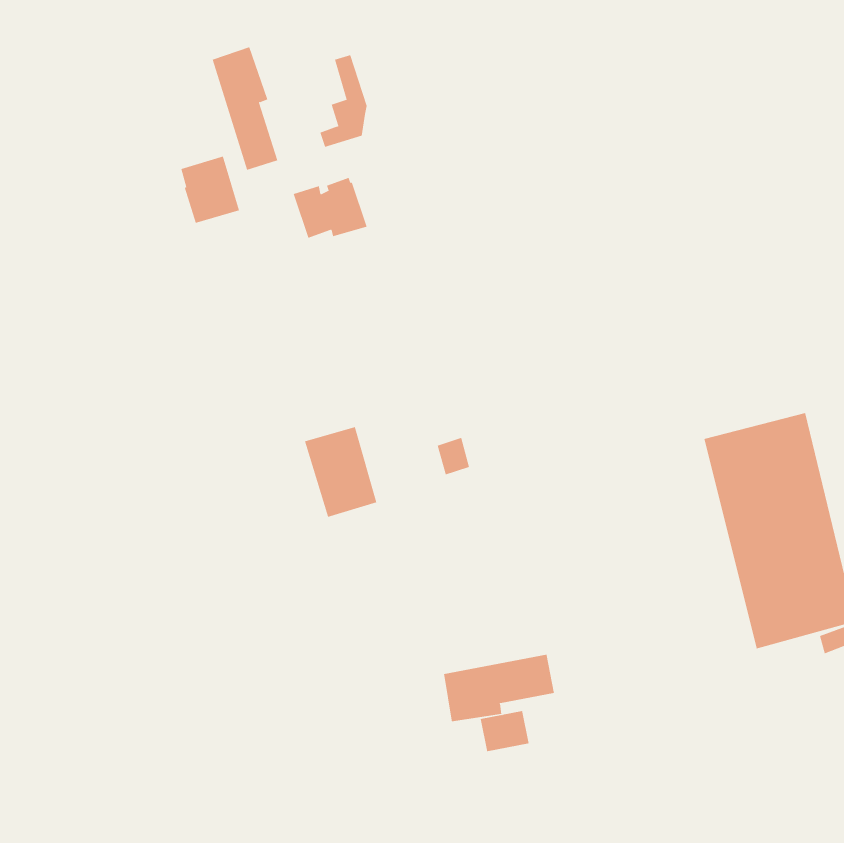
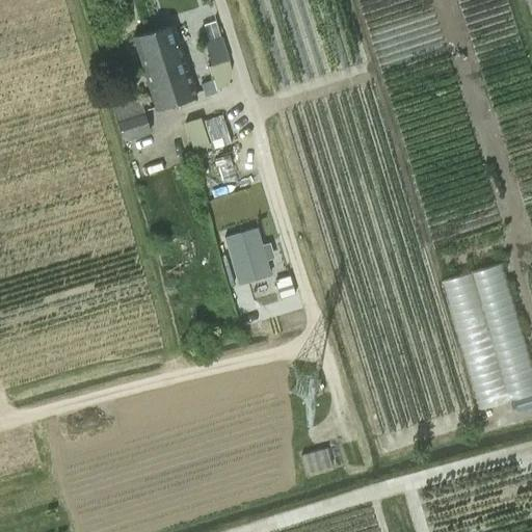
building: none -> [158,26,196,103]
building: [304,426,377,518] -> [225,229,271,286]
building: [443,654,555,722] -> none

